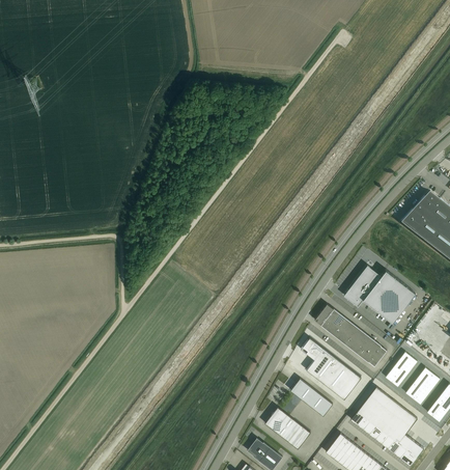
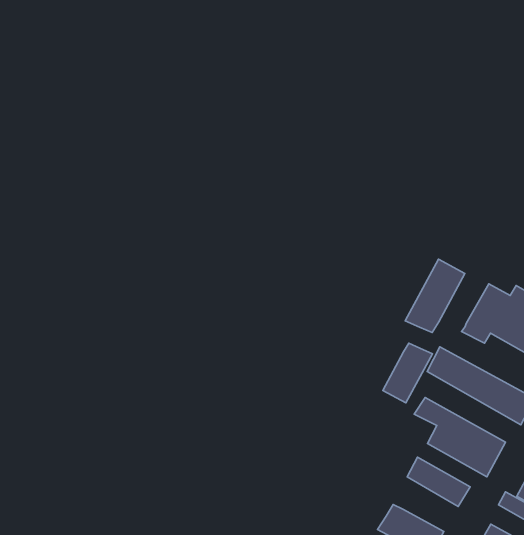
building: none -> [405,259,465,333]
building: none -> [383,343,433,403]

